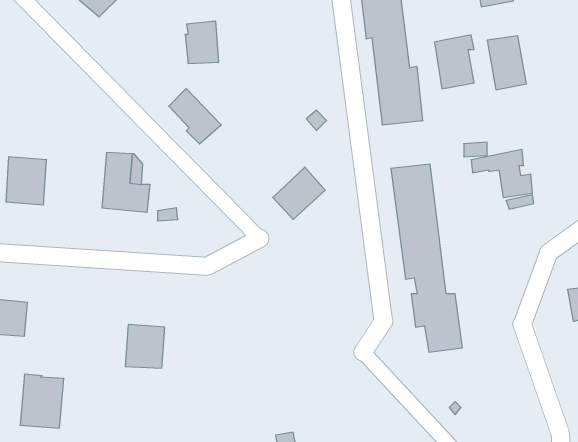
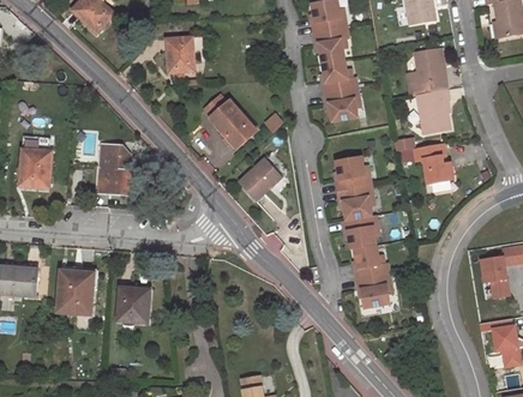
building: [435,35,474,89] -> [416,89,449,133]
building: [169,89,221,144] -> [214,100,257,145]
building: [20,374,64,428] -> [56,270,92,314]

